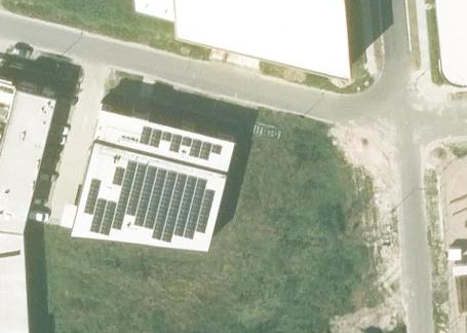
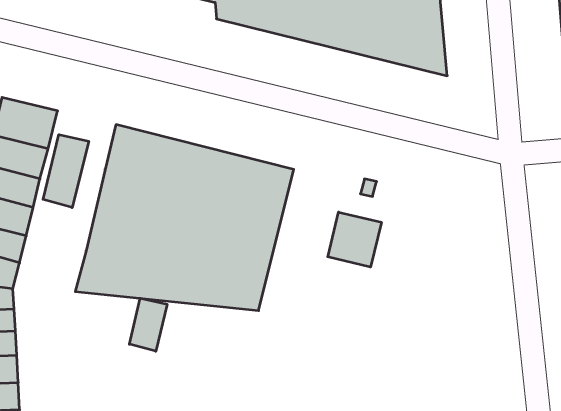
building: none -> [43,135,89,208]
building: none -> [328,212,381,267]
building: none -> [129,298,167,351]

